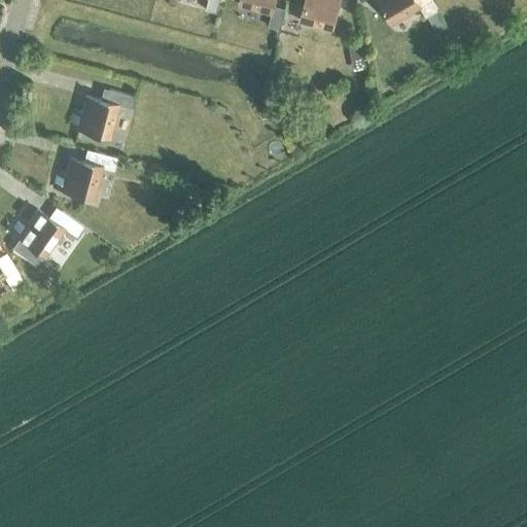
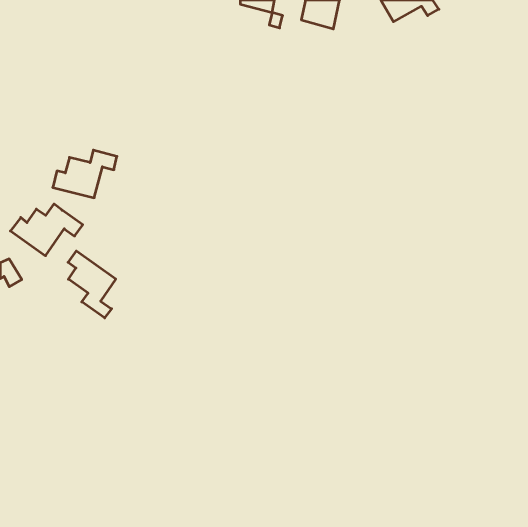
building: [70,91,134,138] -> none
building: none -> [68,251,116,318]

